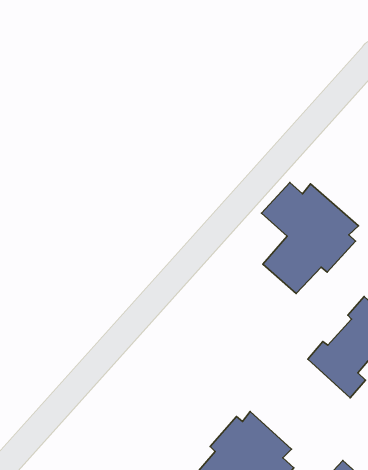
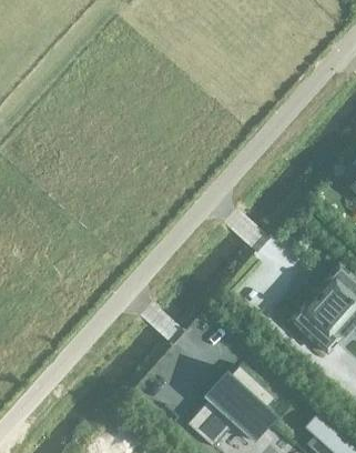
building: [262,182,359,293] -> none

